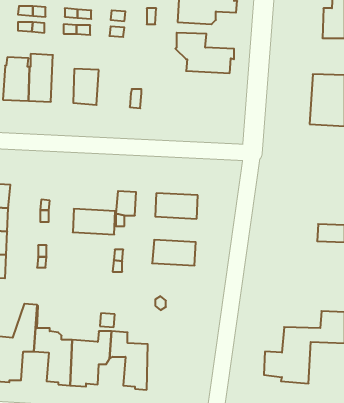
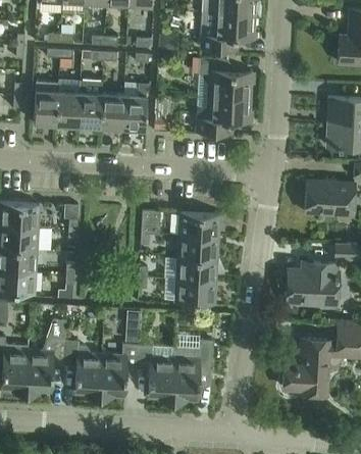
building: none -> [79,80,102,125]
building: none -> [122,85,147,129]
building: none -> [196,95,252,133]
building: none -> [304,179,354,211]
building: [73,209,115,234] -> [177,235,218,259]
building: none -> [287,259,338,308]
building: none -> [174,280,216,304]
building: none -> [170,340,212,402]

